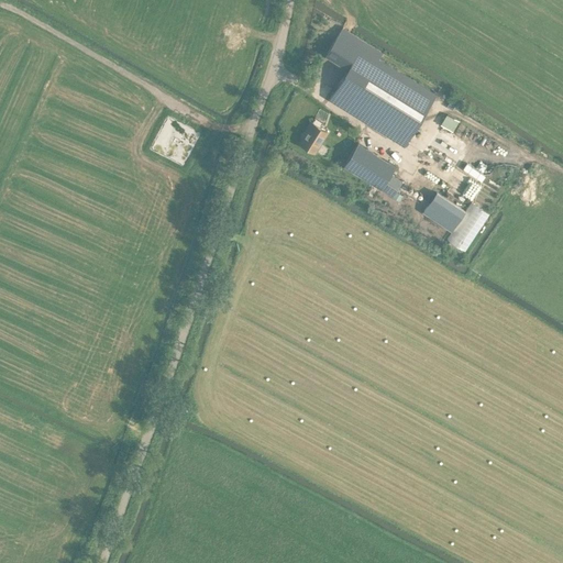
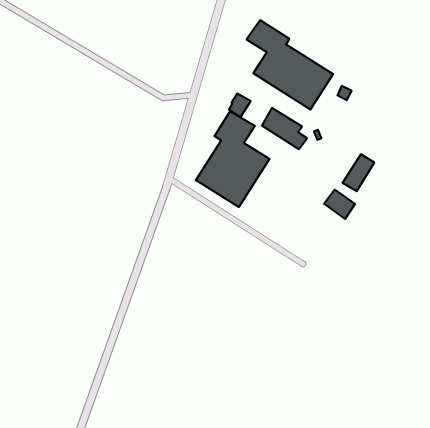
building: none -> [196,111,269,207]
building: [422,194,463,232] -> [324,190,355,219]

